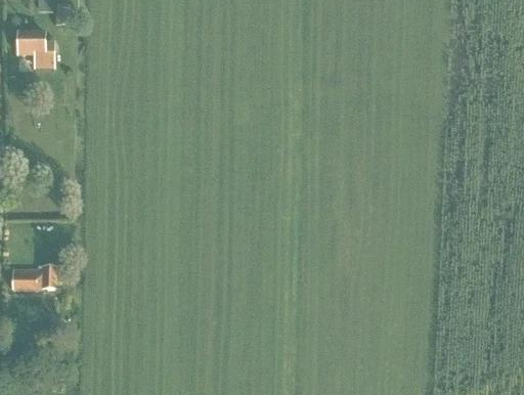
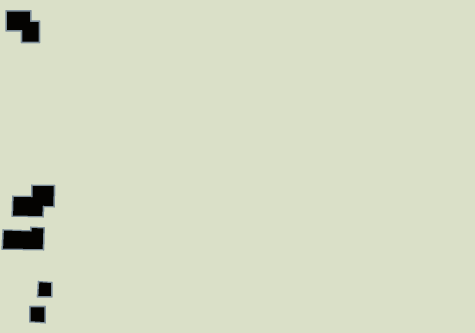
building: none -> [12,185,55,217]

